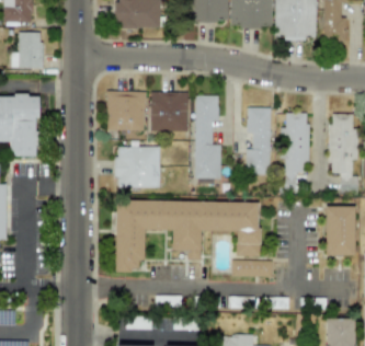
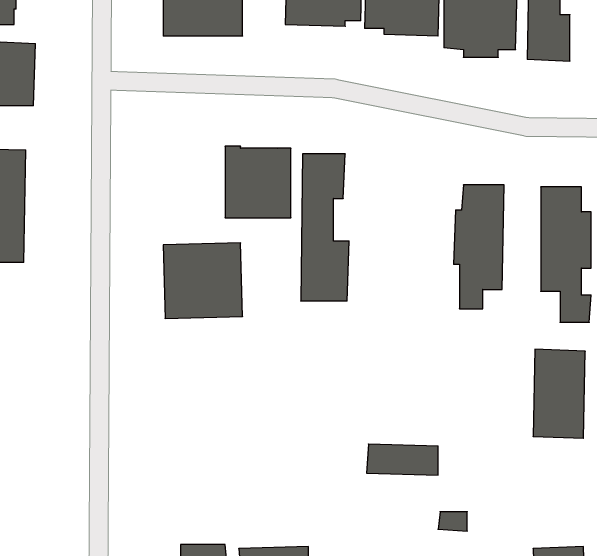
building: [107,91,146,130] -> none
building: [247,107,271,174] -> none
building: [115,201,260,270] -> none

